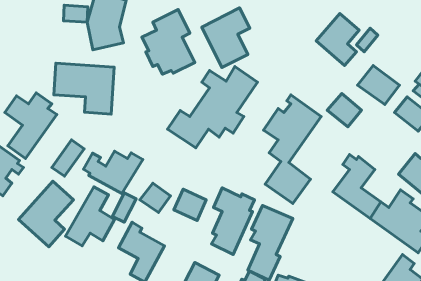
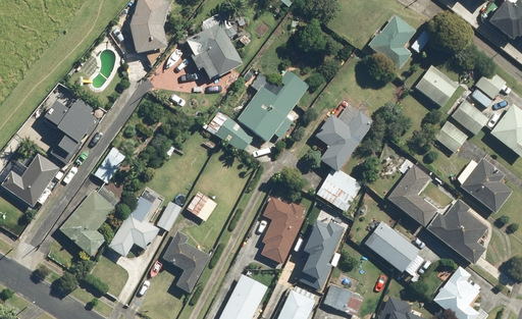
building: [63,5,88,22] -> none
building: [202,8,250,67] -> none
building: [54,63,114,114] -> none
building: [327,93,361,127] -> [431,119,467,154]
building: [83,151,143,194] -> none
building: [174,189,206,221] -> none
building: none -> [364,220,423,274]

